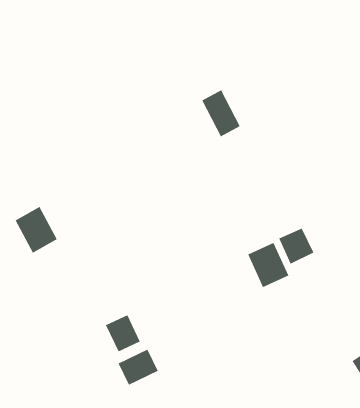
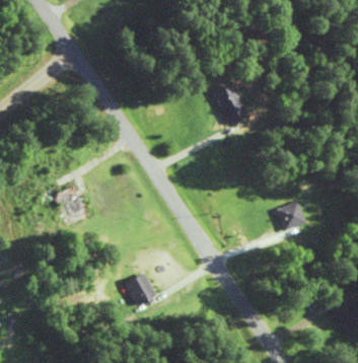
building: [247,242,289,288] -> none
building: [117,349,159,386] -> none

